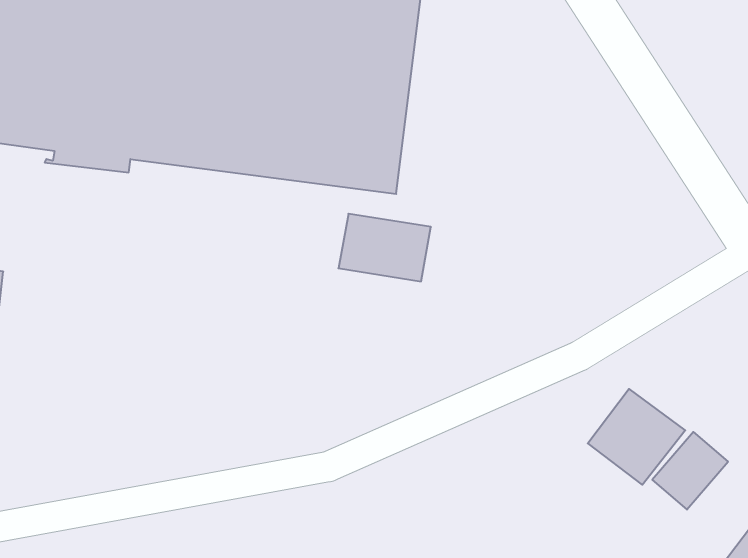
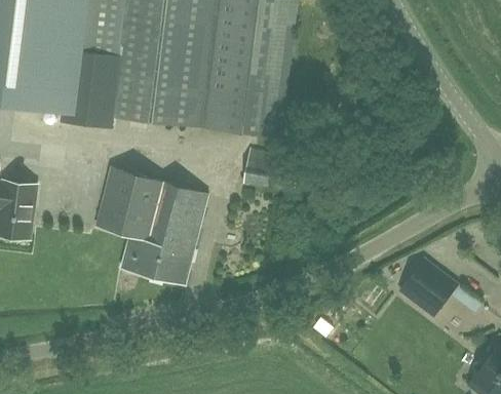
building: none -> [95,168,209,284]

